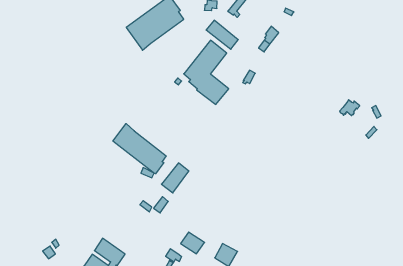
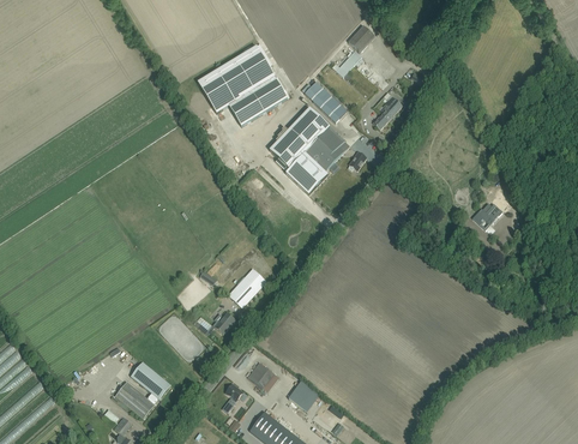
building: none -> [228,77,289,126]
building: none -> [305,127,349,172]
building: [113,124,166,174] -> none

